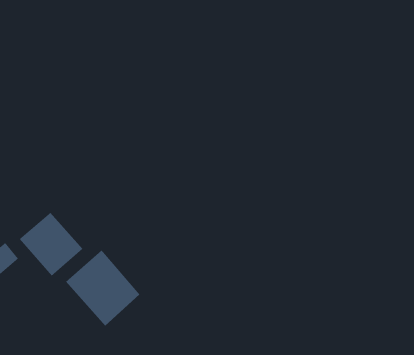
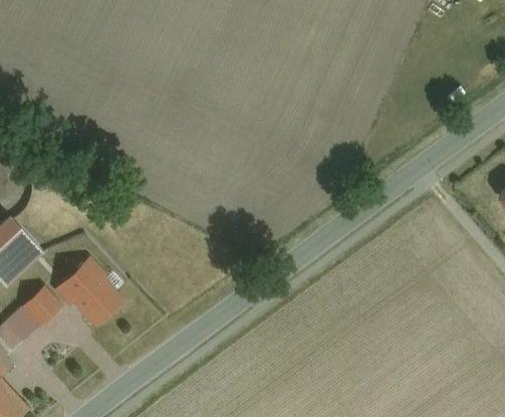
building: [65,250,140,326] -> none

